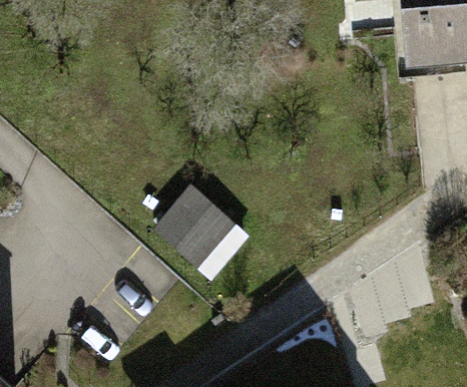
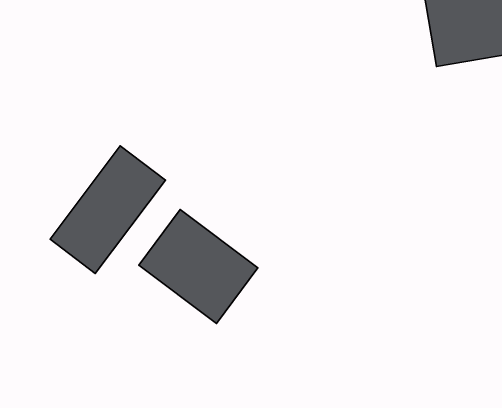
building: none -> [50,146,165,274]

